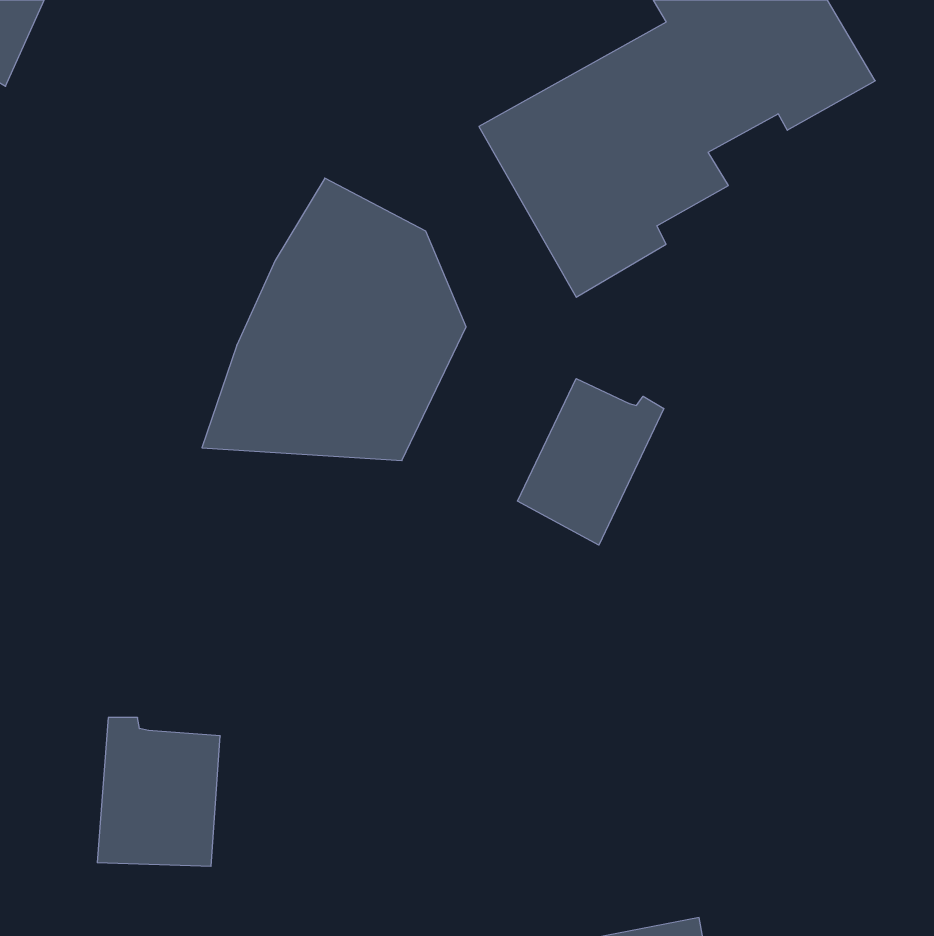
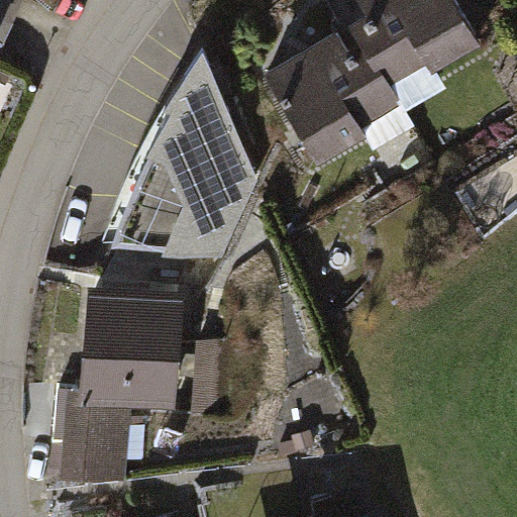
building: [518,379,664,545] -> none
building: none -> [79,284,186,410]

